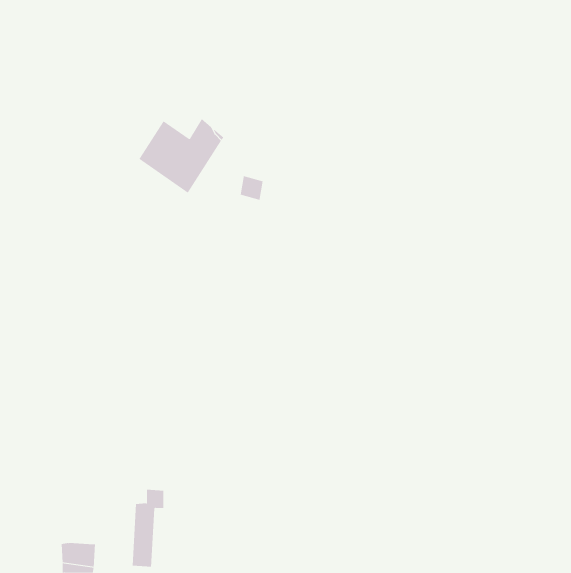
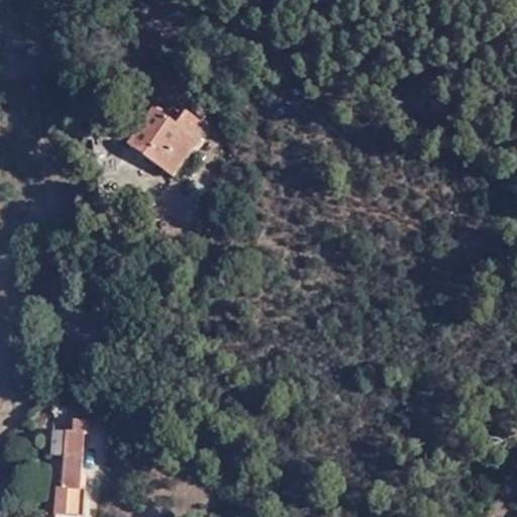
building: [132,489,164,567] -> [62,418,91,488]

